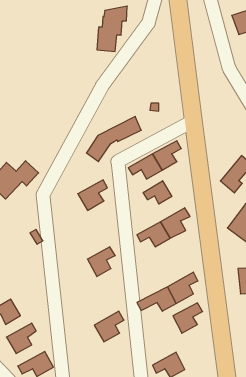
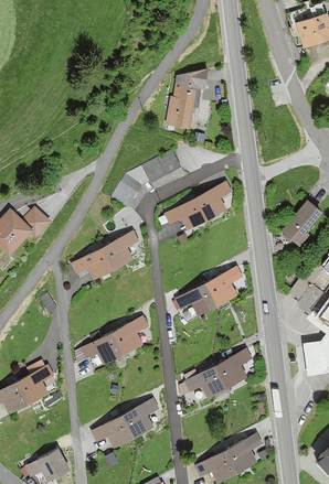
building: [97,6,127,51] -> [168,69,206,127]
building: [143,181,172,204] -> none
building: none -> [72,248,113,279]
building: none -> [81,331,125,364]
building: [173,303,203,333] -> [225,432,263,471]
building: [6,323,36,354] -> [15,364,53,402]
building: none -> [91,415,134,447]

